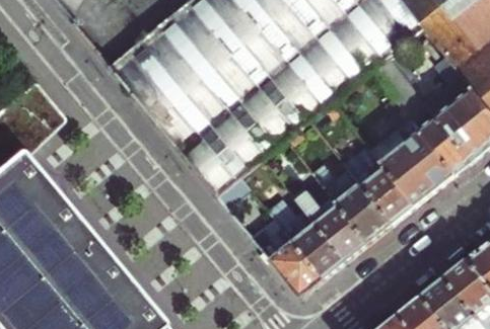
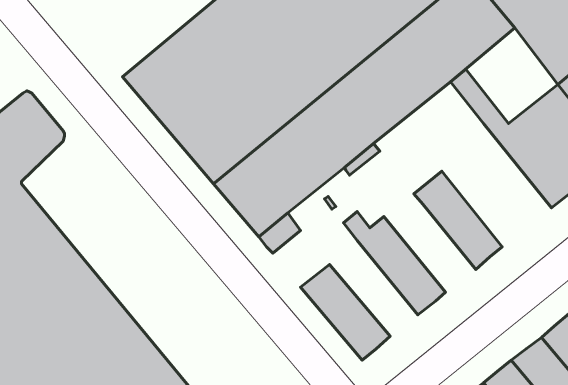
building: [371,102,456,201] -> none
building: [316,163,395,238] -> none
building: [270,195,348,273] -> none

